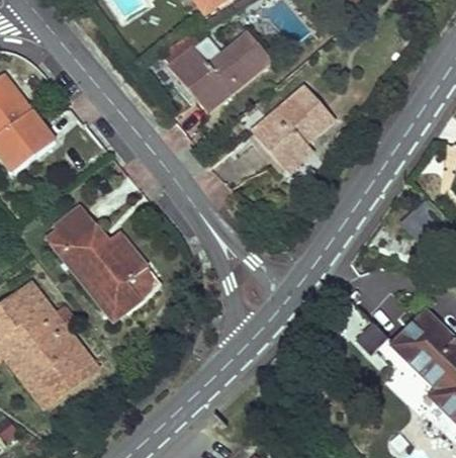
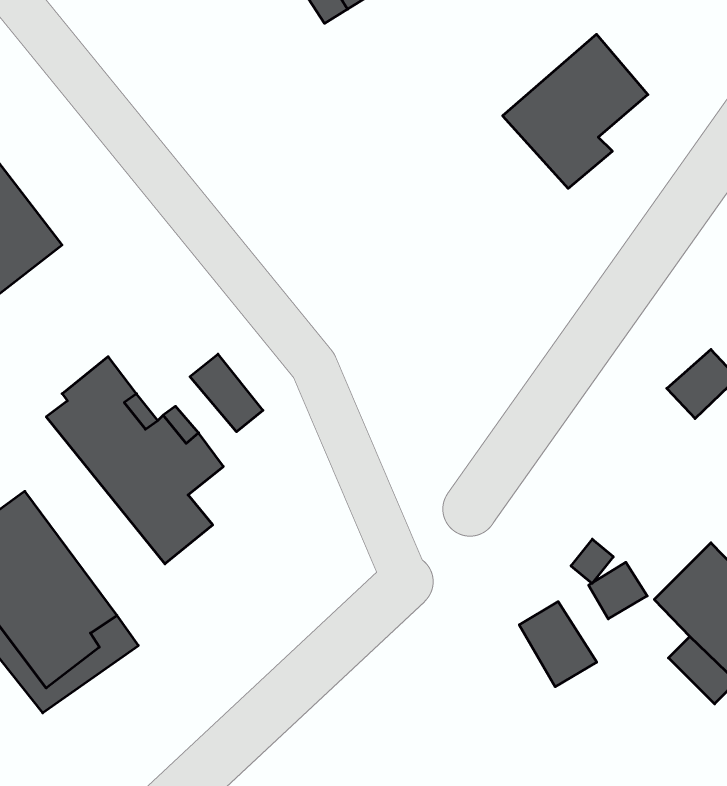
building: [161,27,274,112] -> none
building: [251,84,334,172] -> [503,34,648,188]
building: none -> [190,354,263,432]
building: none -> [519,602,597,687]

